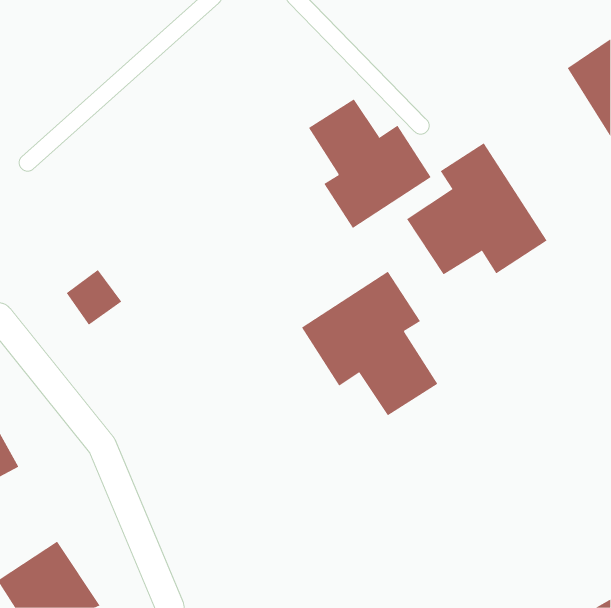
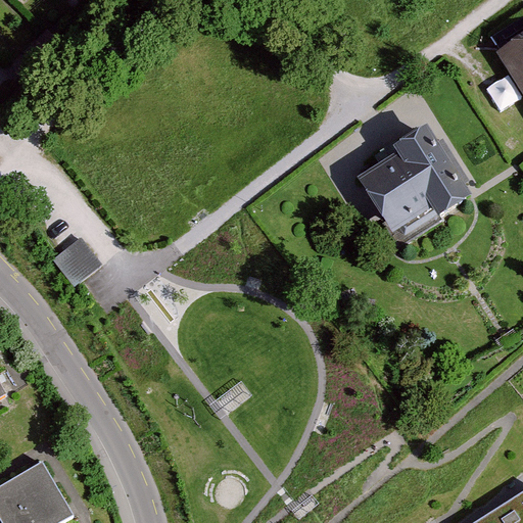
building: [308,99,432,229] -> none
building: [301,271,438,416] -> none

